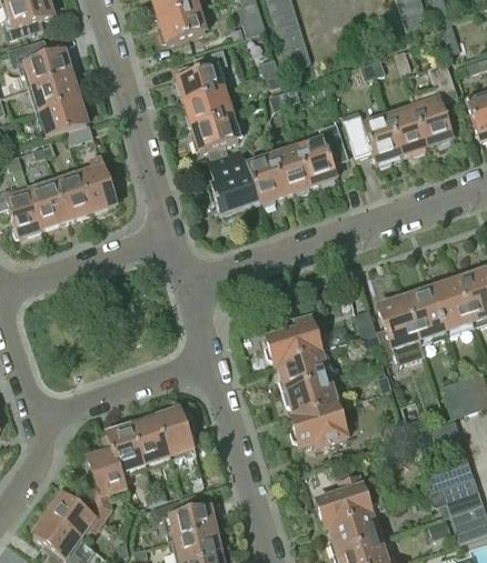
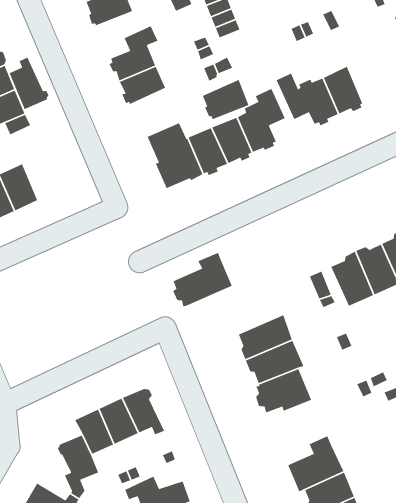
building: [409,61,455,145] -> none
building: [191,111,238,150] -> [202,79,250,120]
building: [79,158,118,211] -> [8,56,49,110]
building: [265,313,326,365] -> [172,252,233,308]

